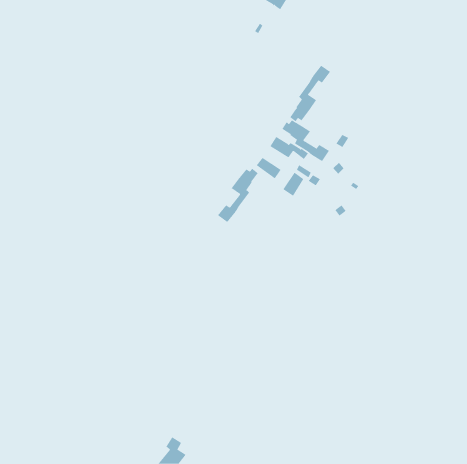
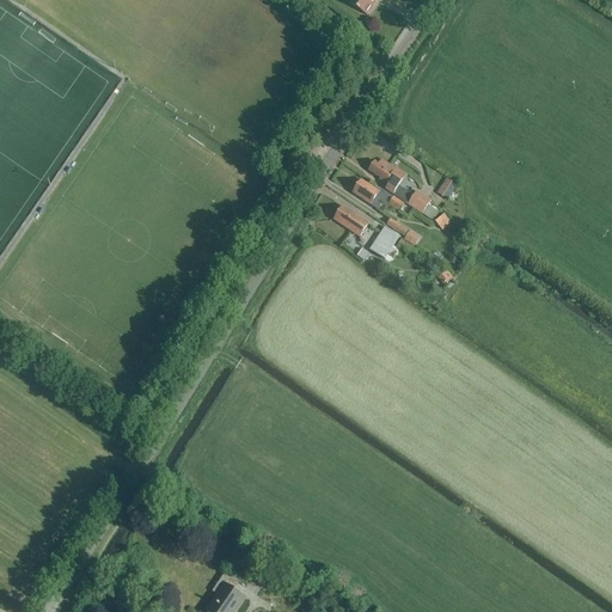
building: [290,65,331,122] -> none
building: [217,168,258,223] -> none

